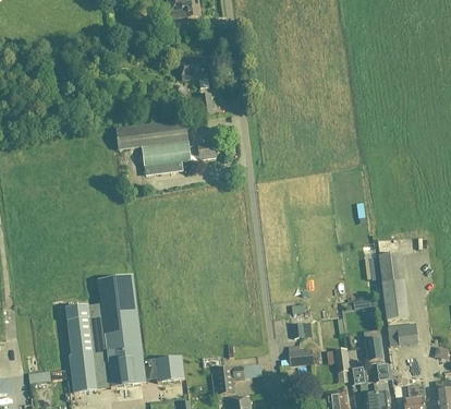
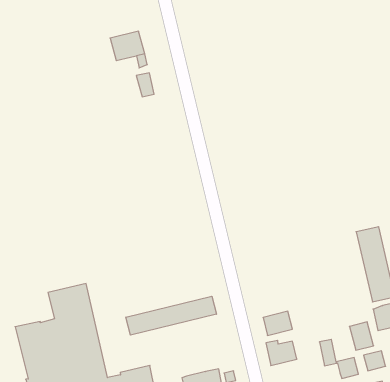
building: [115,120,216,172] -> none
building: none -> [126,296,216,335]

